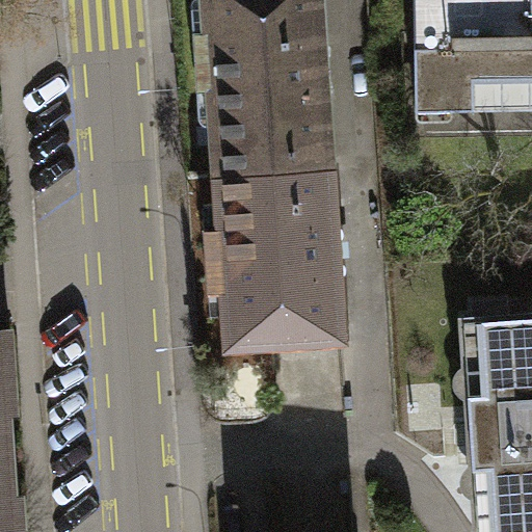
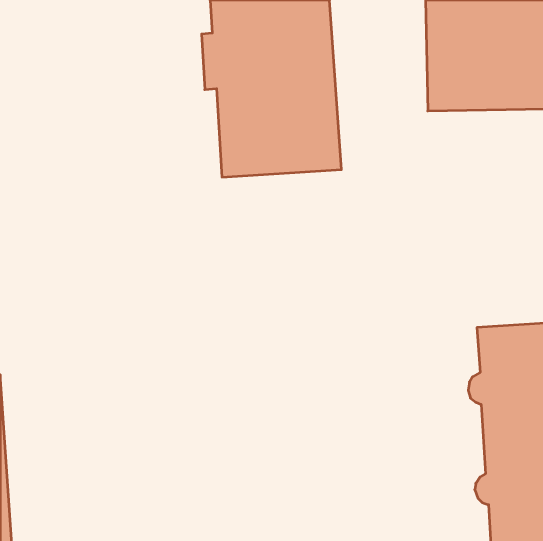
building: [211,169,346,348] -> none

